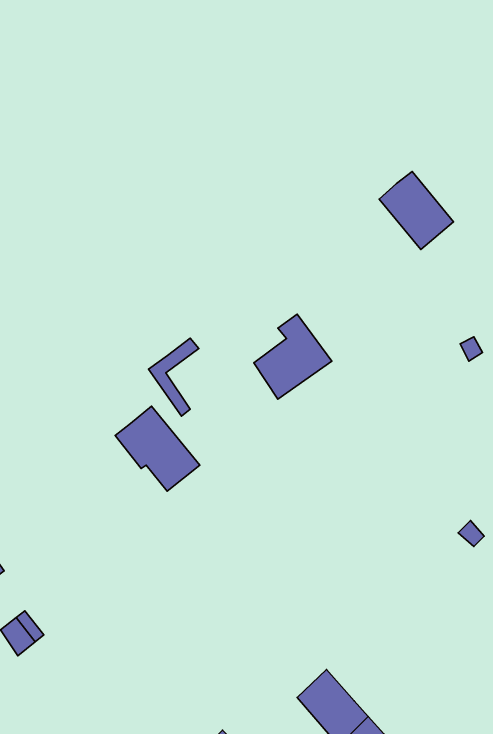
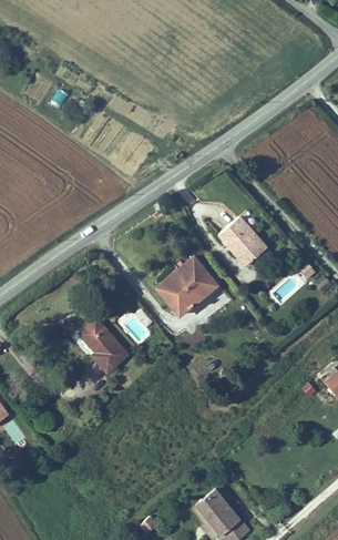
building: [379,171,454,249] -> [219,217,267,267]
building: [149,338,199,416] -> [156,265,188,315]

